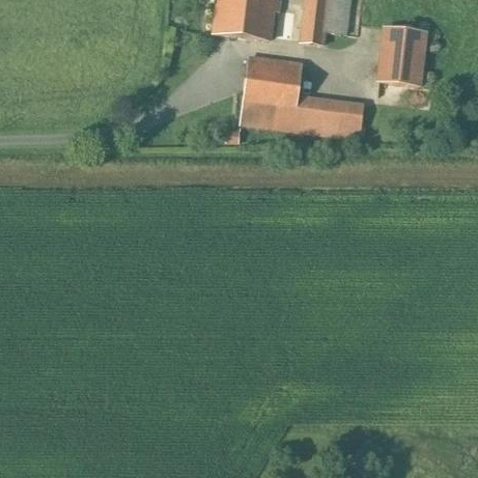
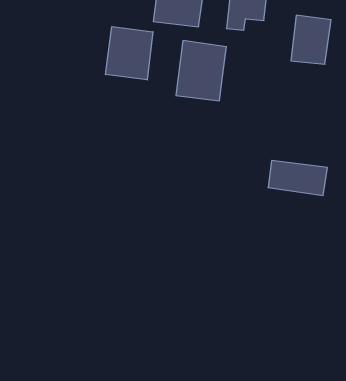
building: none -> [106,27,153,80]
building: [293,95,364,137] -> [268,161,327,195]

